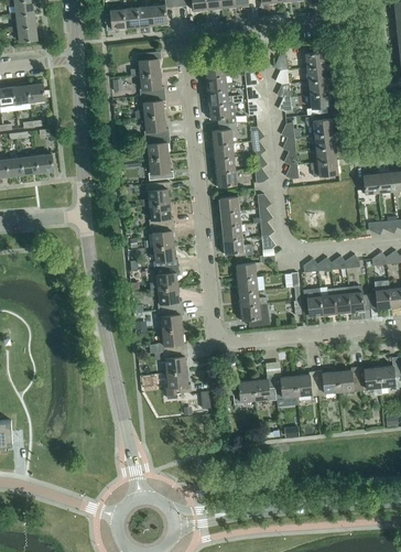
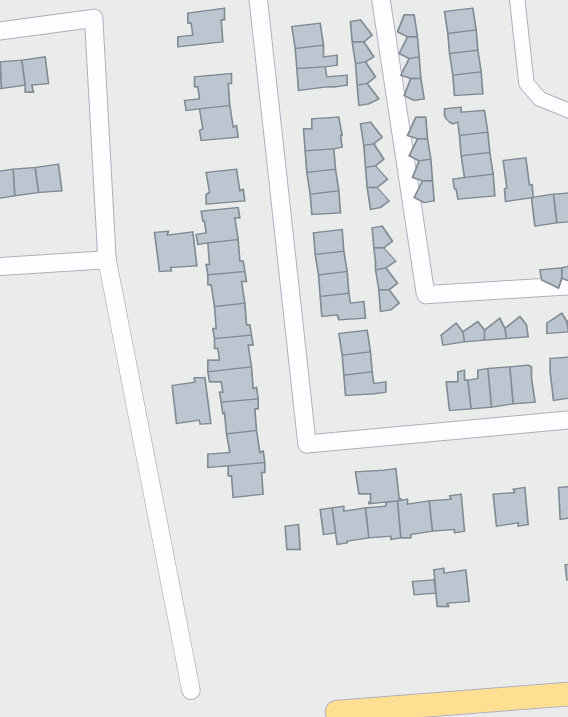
building: [140,74,165,97] -> none
building: [209,104,235,125] -> none
building: [145,137,170,160] -> none
building: none -> [503,158,533,202]
building: none -> [154,231,197,272]
building: none -> [172,377,211,424]
building: [240,304,270,327] -> [356,469,401,504]
building: [358,366,381,391] -> none
building: [316,370,339,396] -> [434,568,469,607]
building: [166,371,192,400] -> none

